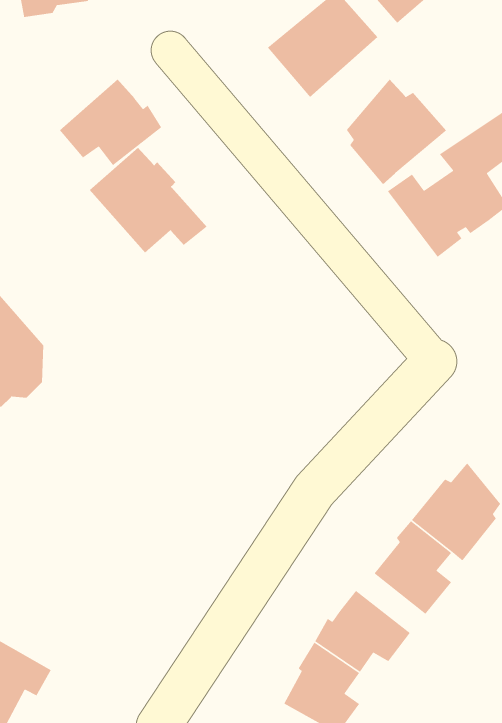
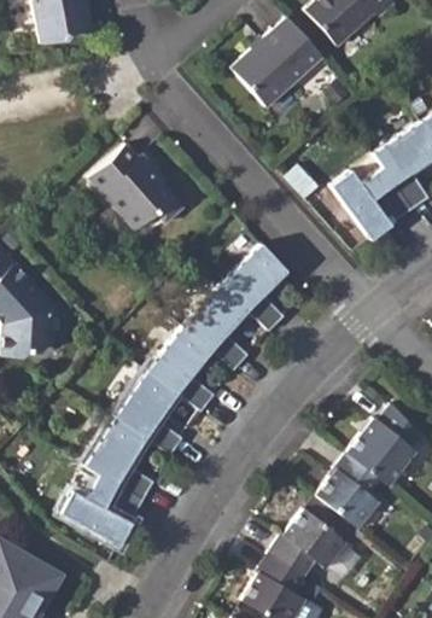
building: [59,78,162,166] -> none
building: [346,79,447,185] -> none
building: none -> [53,244,287,542]

